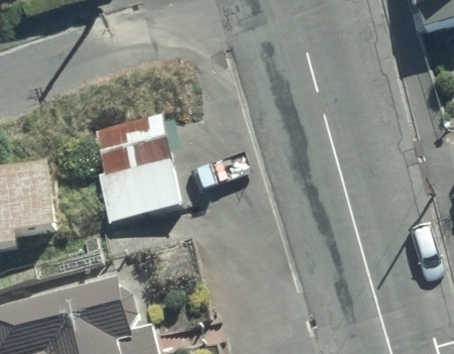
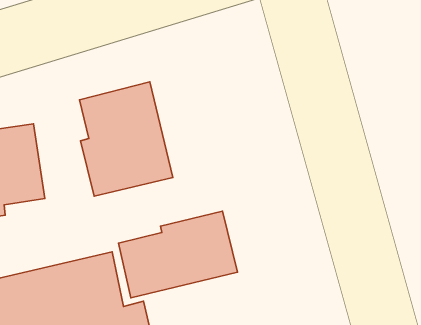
building: none -> [118,211,238,298]

